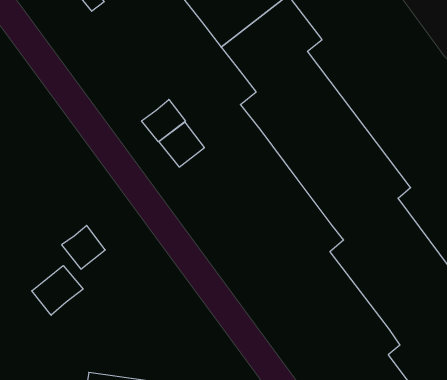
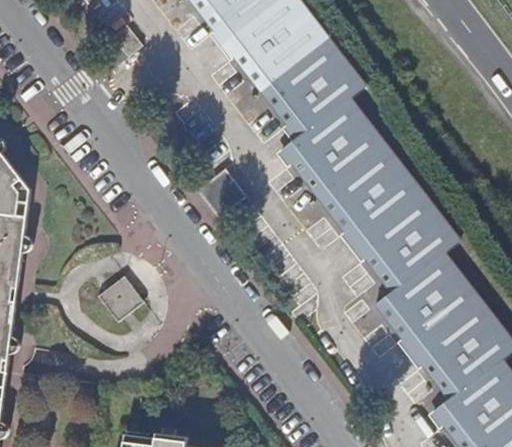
building: [142,99,185,142] -> none
building: [32,266,83,315] -> none

